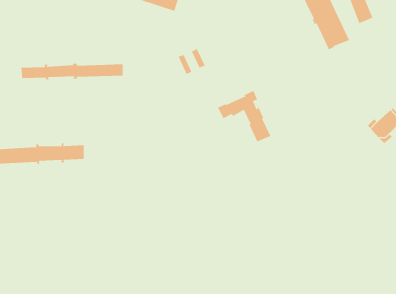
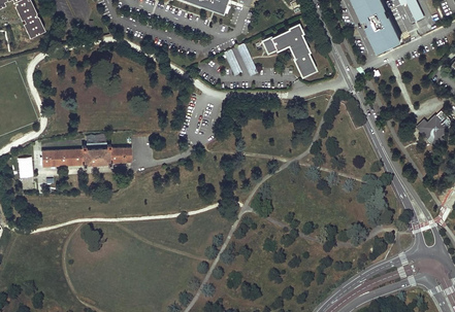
building: [21,63,123,80] -> none
building: [217,90,271,142] -> [261,25,316,77]

